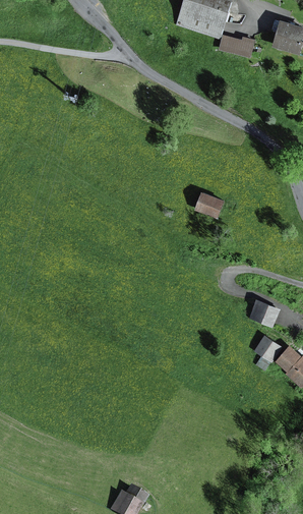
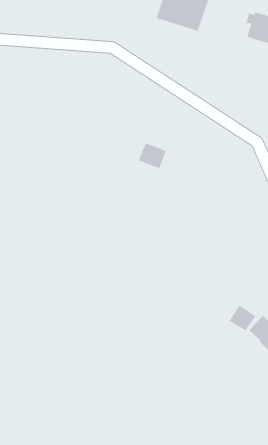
building: [219,34,255,58] -> none
building: [194,190,225,219] -> [138,142,166,169]
building: [248,299,280,328] -> none

